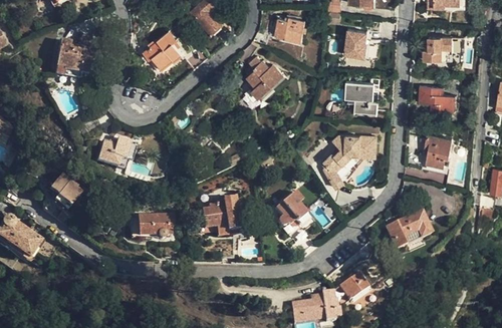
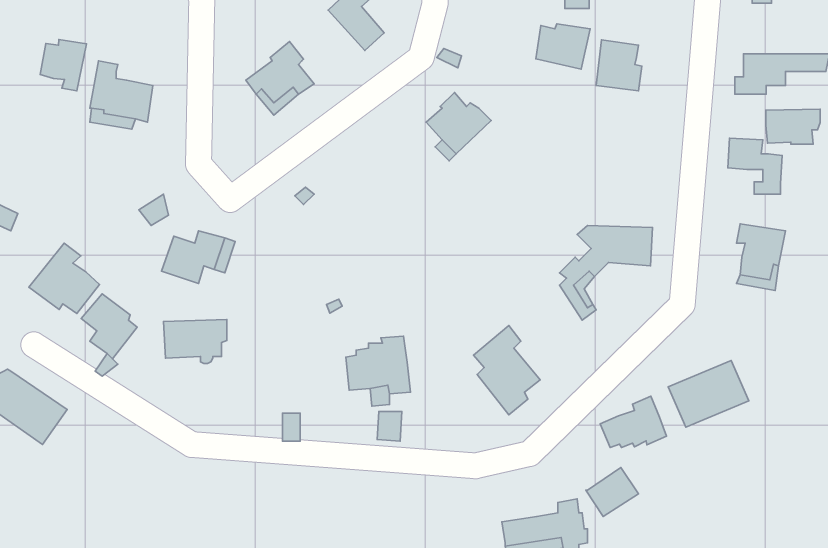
building: [275,16,306,42] -> [536,24,590,69]
building: none -> [40,39,87,91]
building: none -> [766,109,820,144]
building: [347,81,378,110] -> none
building: none -> [29,243,99,314]
building: [137,215,173,240] -> [164,320,227,363]
building: none -> [600,396,666,447]

